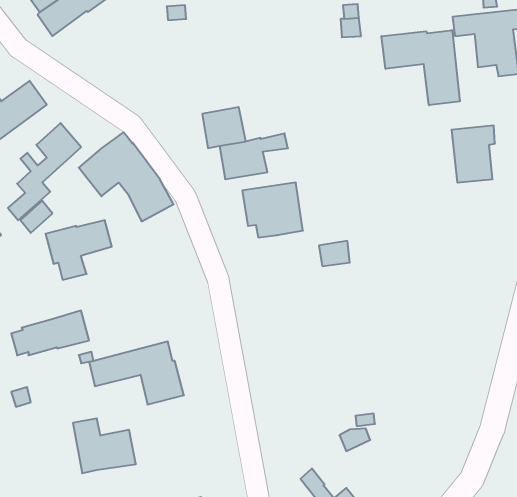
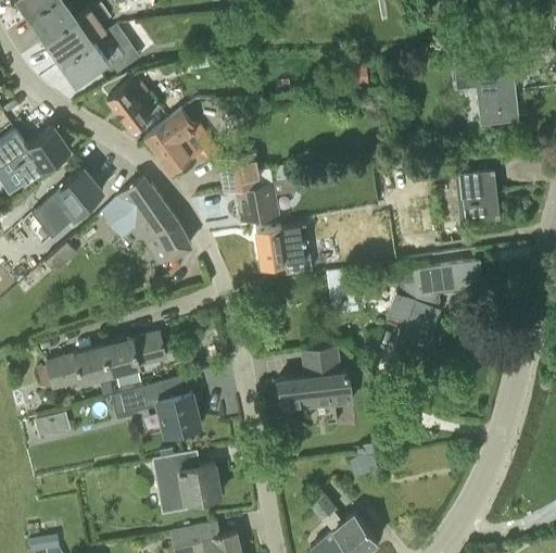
building: none -> [106,77,160,131]
building: [381,30,460,105] -> none
building: none -> [146,111,217,172]
building: [45,220,112,280] -> [102,334,165,390]
building: none -> [386,263,481,345]
building: none -> [277,348,352,413]
building: [73,418,136,473] -> [161,454,220,506]

